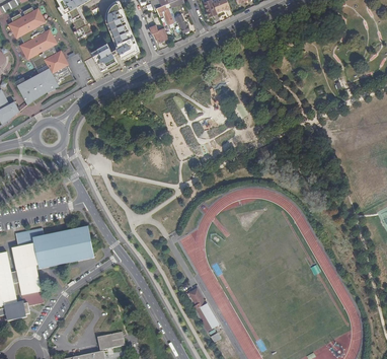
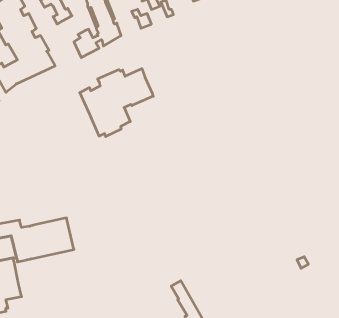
building: none -> [80,69,153,137]

